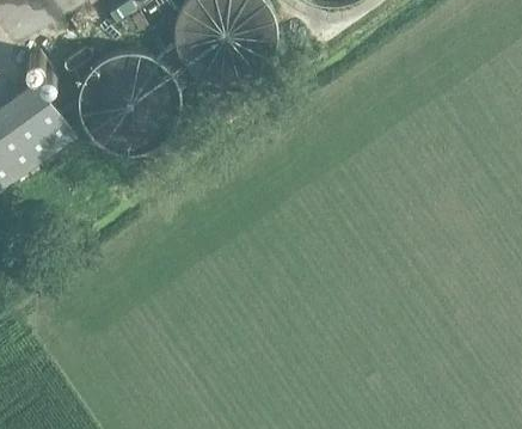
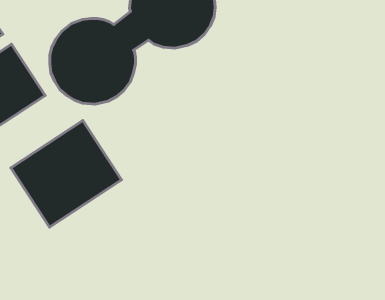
building: none -> [11,121,121,227]

